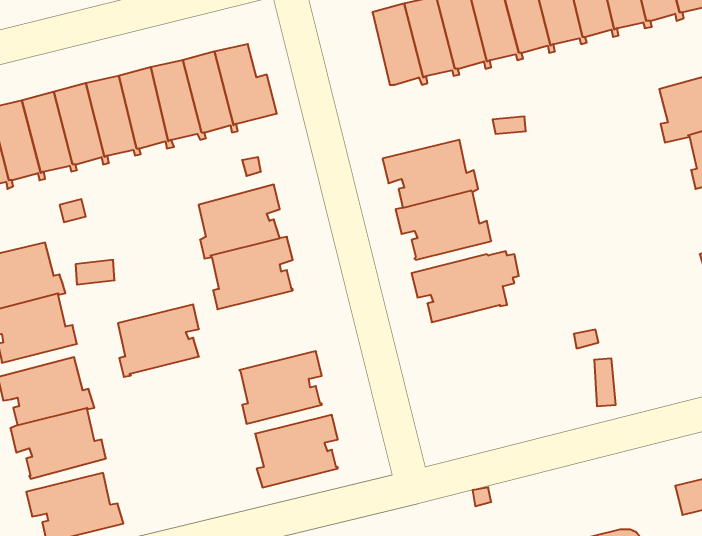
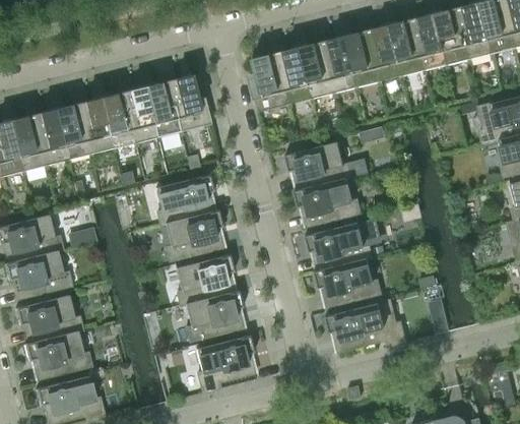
building: none -> [252,52,294,111]
building: [118,304,199,377] -> [176,254,233,305]
building: none -> [314,257,381,306]
building: none -> [325,299,404,351]

